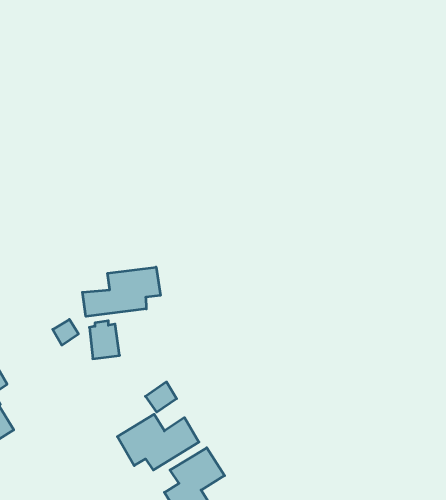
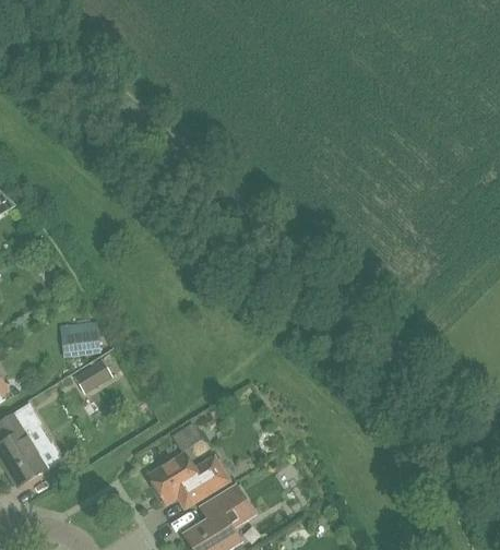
building: [82,267,160,316] -> none
building: [89,321,120,359] -> [69,318,98,355]

